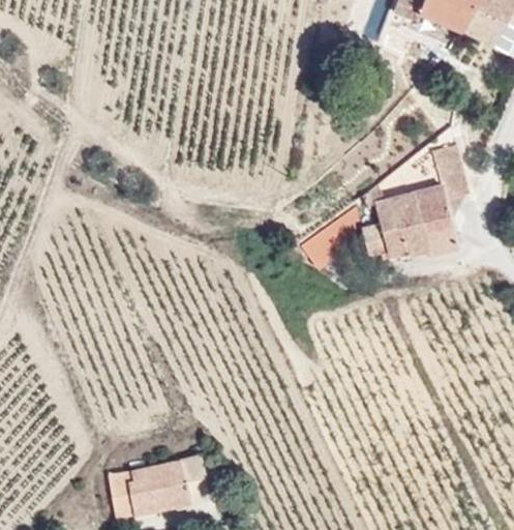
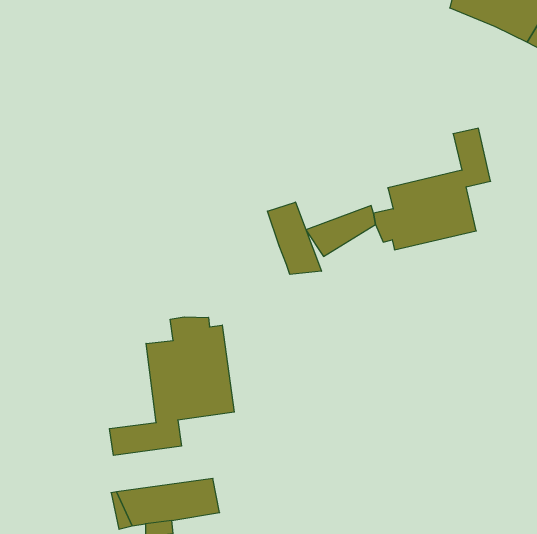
building: none -> [267,202,321,274]
building: none -> [109,317,234,455]

